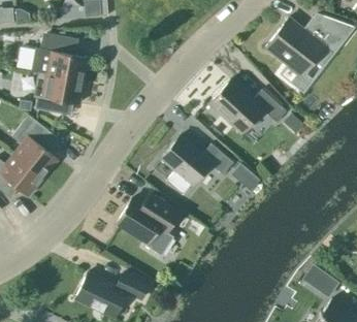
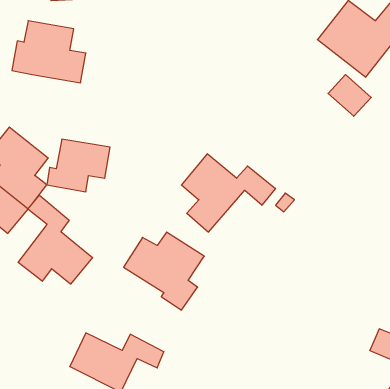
building: [35,73,84,114] -> [47,139,110,192]
building: [209,78,287,131] -> none
building: none -> [18,195,93,284]

